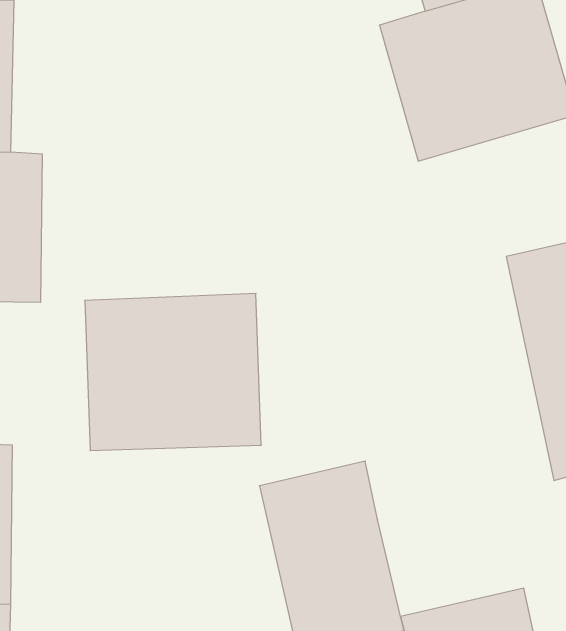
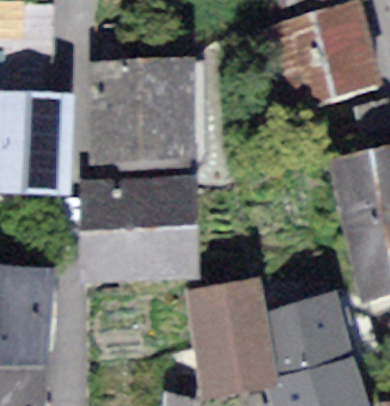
building: none -> [98,65,193,164]
building: none -> [262,300,348,374]

